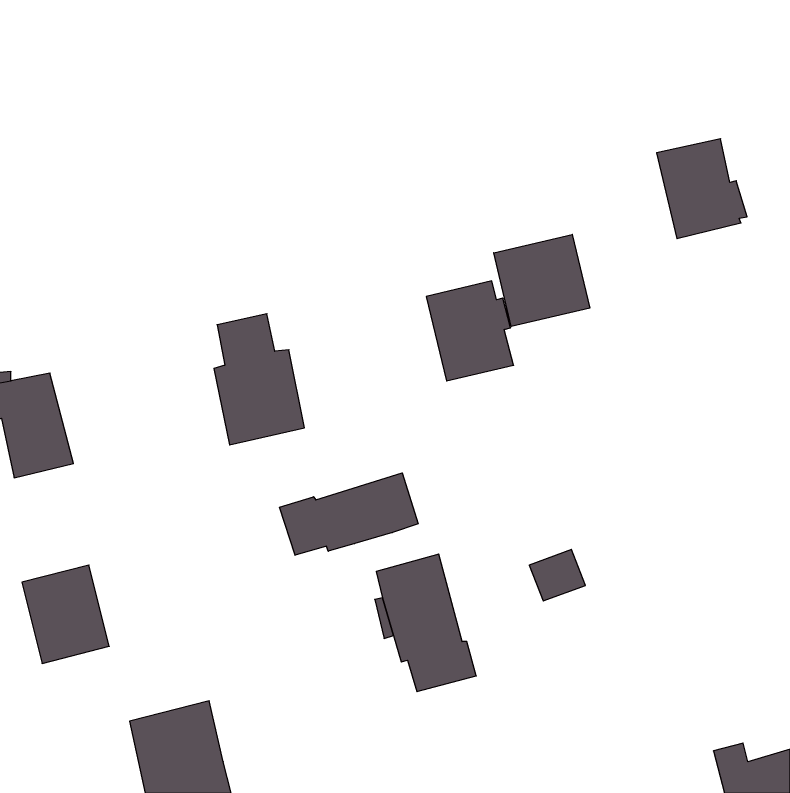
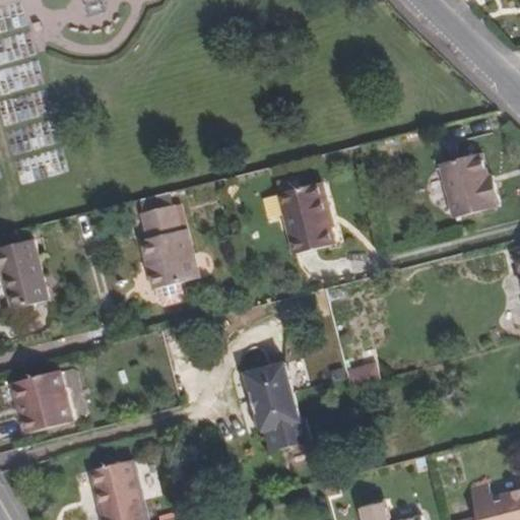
building: [657,139,747,239] -> [442,153,501,218]
building: [494,234,590,326] -> none
building: [279,473,418,555] -> none

